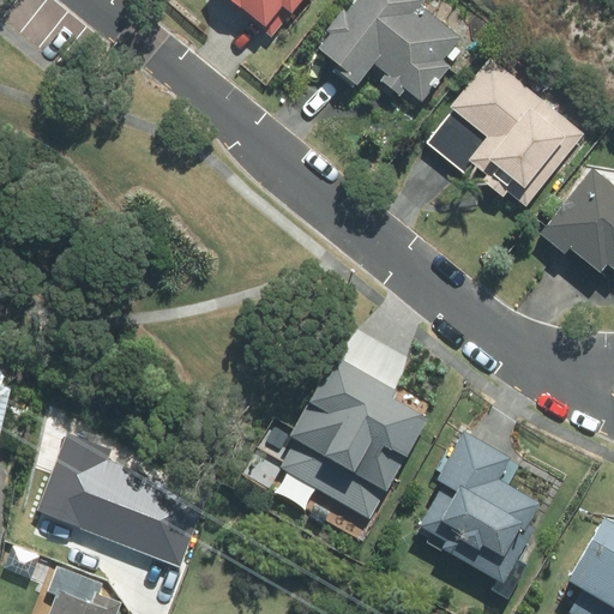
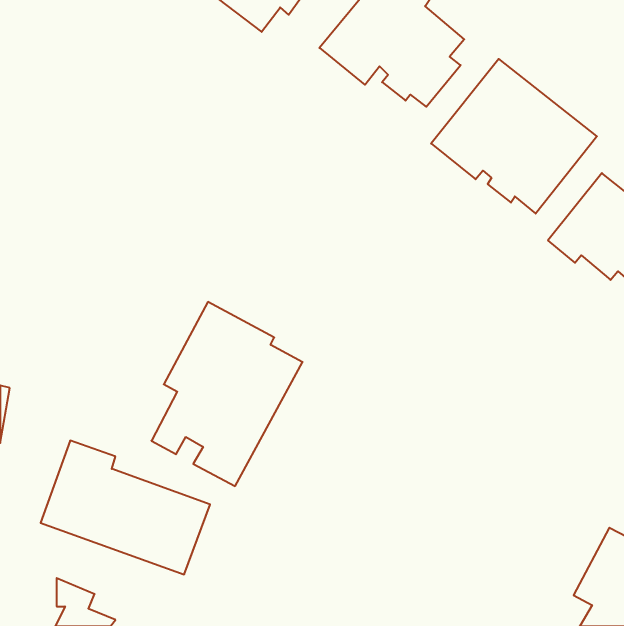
building: [278,356,426,536] -> [151,302,303,486]
building: [415,432,540,589] -> none

